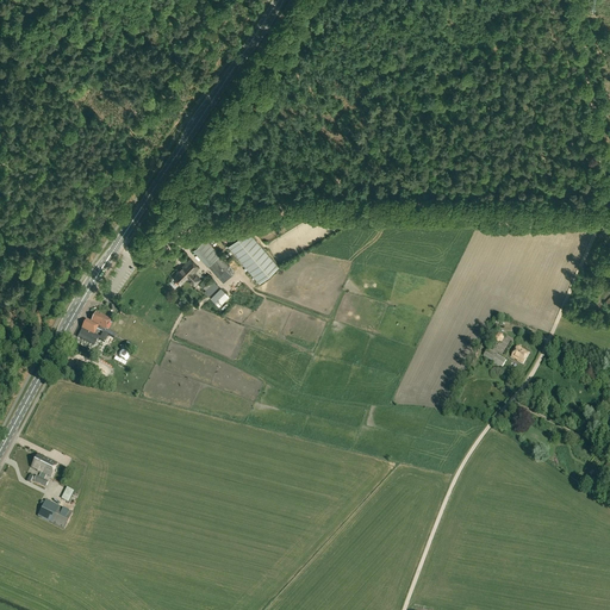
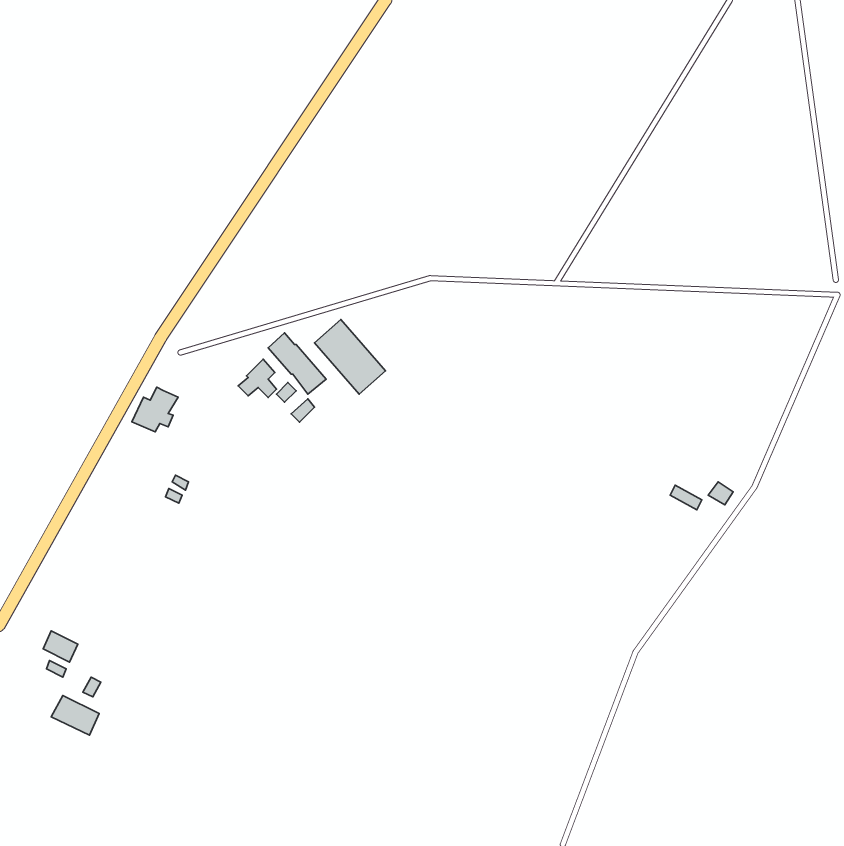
building: [77,313,111,346] -> [132,387,178,432]

